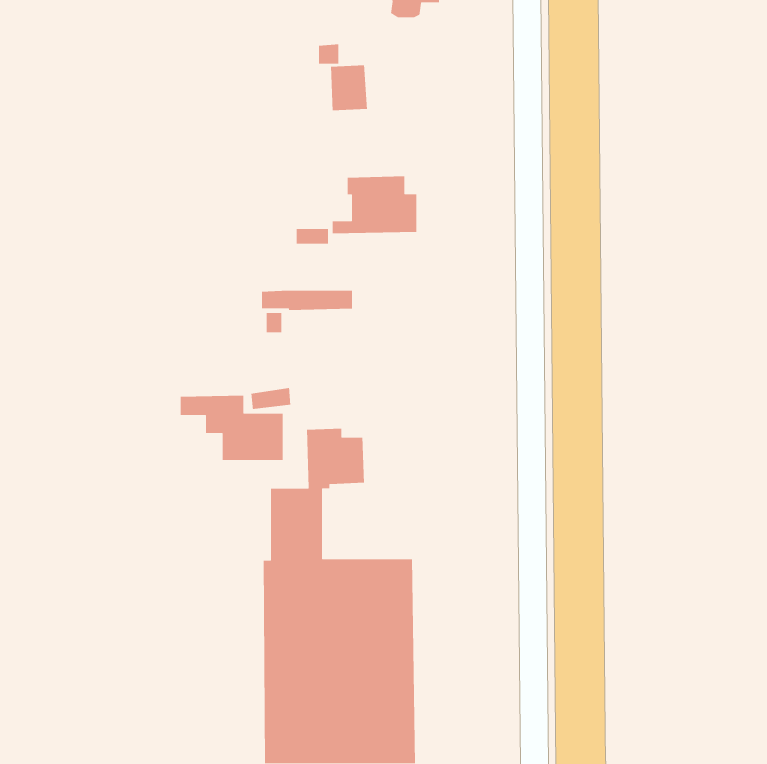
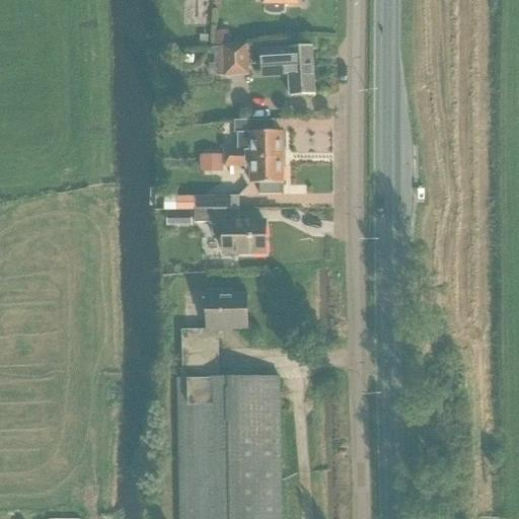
building: none -> [261,46,314,95]
building: none -> [224,157,283,194]
building: [180,395,283,461] -> [195,209,265,253]

